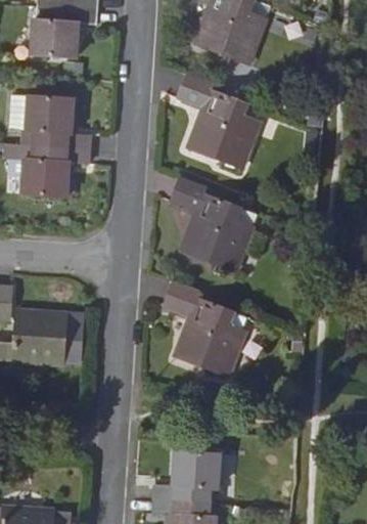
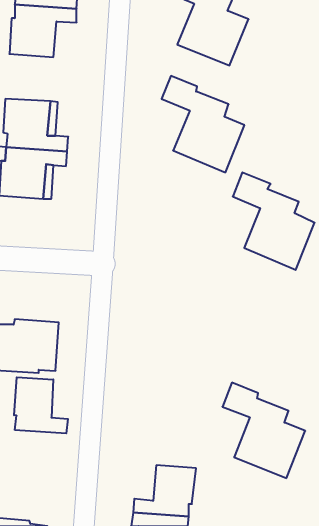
building: [170,180,249,275] -> [233,172,315,270]
building: [165,285,245,378] -> [222,383,305,478]
building: none -> [14,377,68,433]

